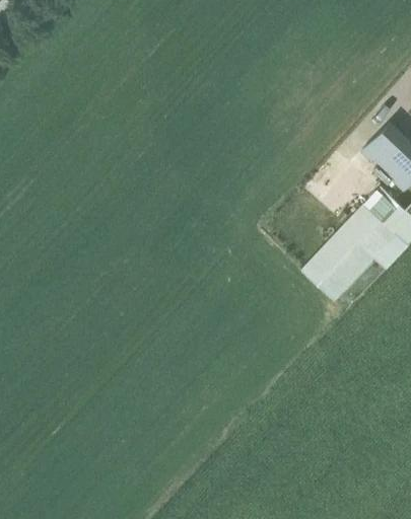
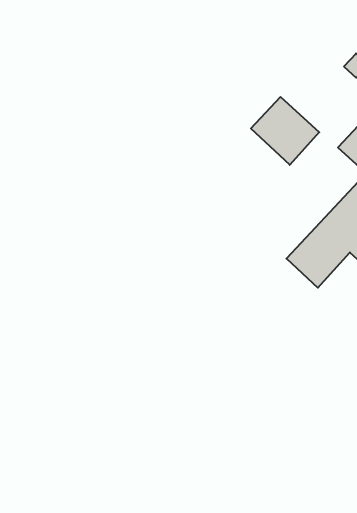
building: none -> [251,97,319,165]

